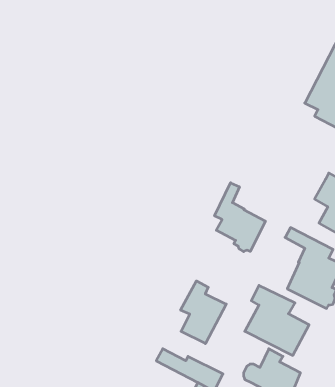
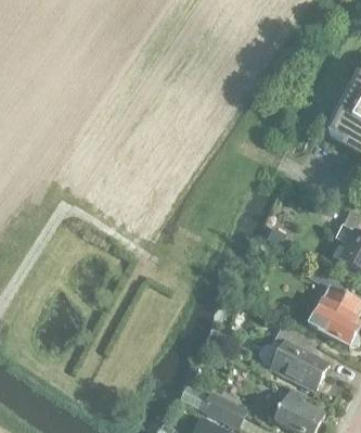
building: [215,183,265,252] -> none
building: [181,281,226,344] -> none

